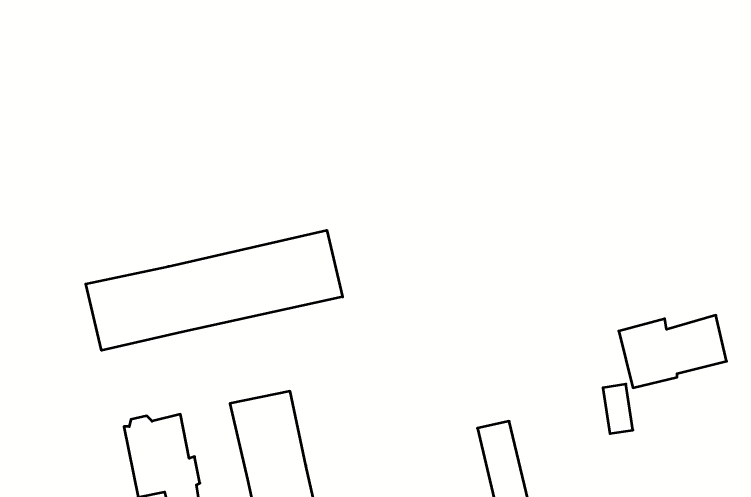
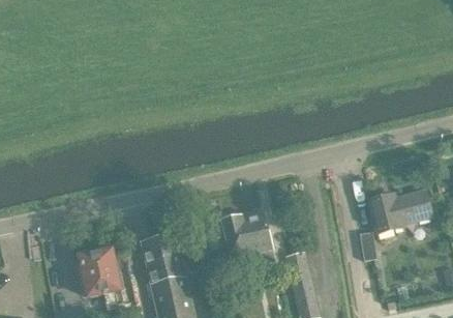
building: [86,230,343,350] -> none
building: none -> [208,215,276,264]

